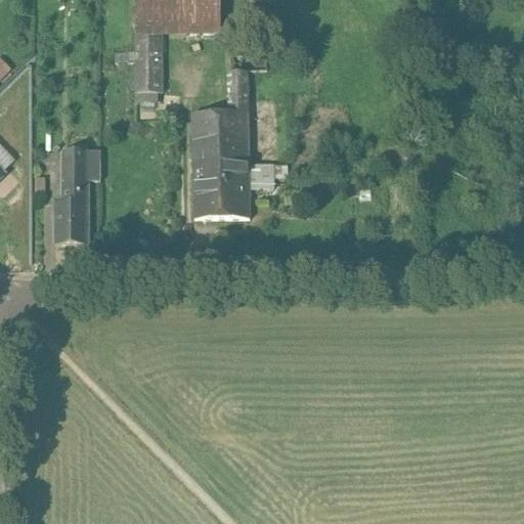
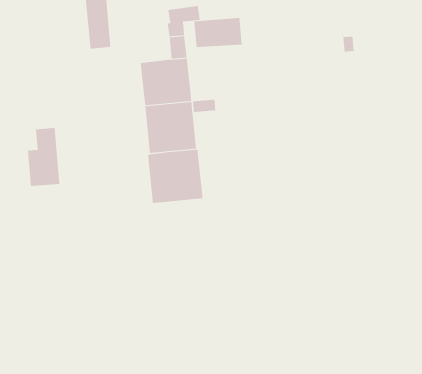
building: none -> [194,17,242,48]
building: [66,151,100,181] -> none
building: none -> [147,149,203,204]

